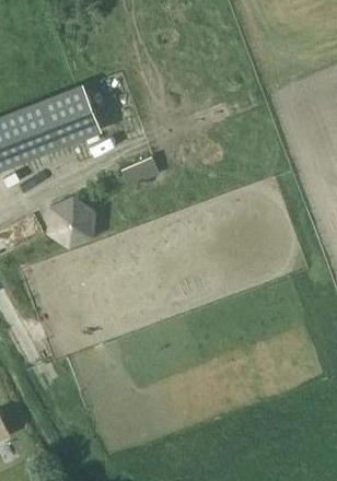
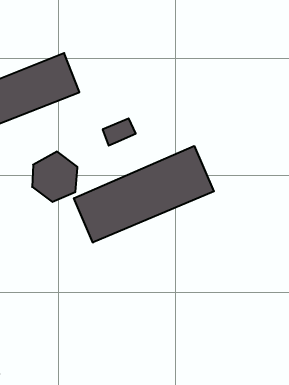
building: none -> [74,146,214,243]

